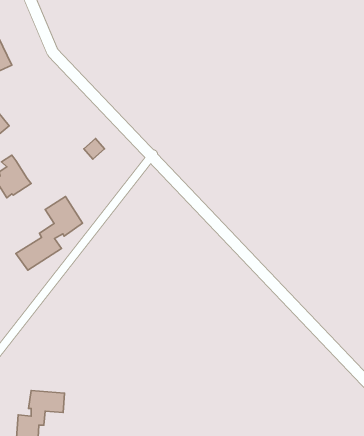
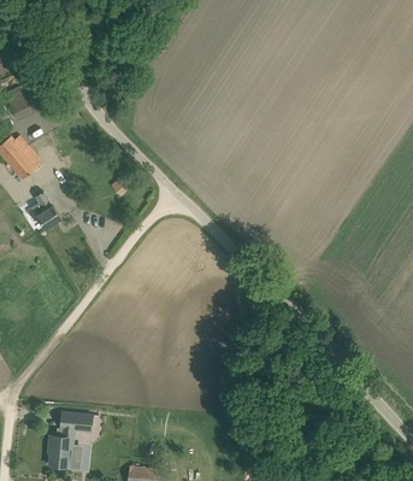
building: [16,197,82,270] -> none

